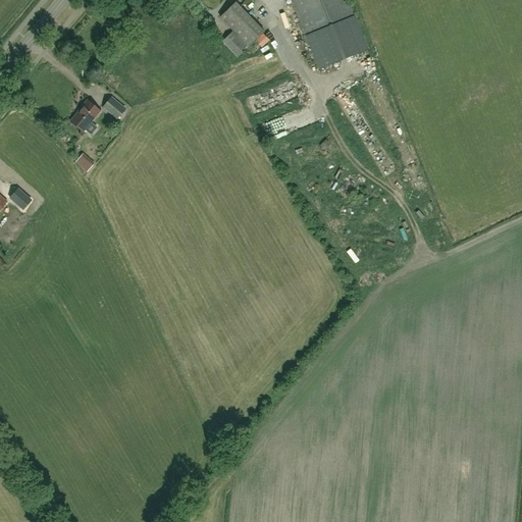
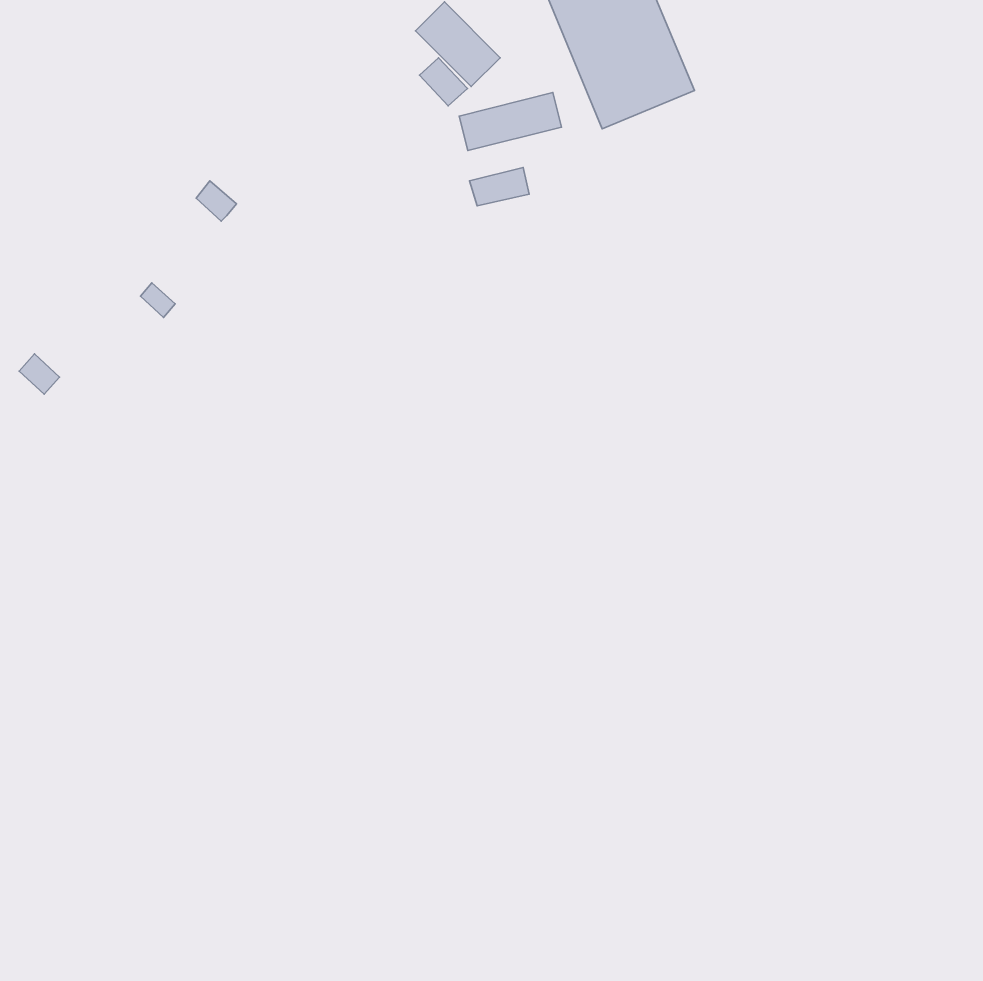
building: none -> [459,93,562,151]
building: [70,99,100,130] -> none

